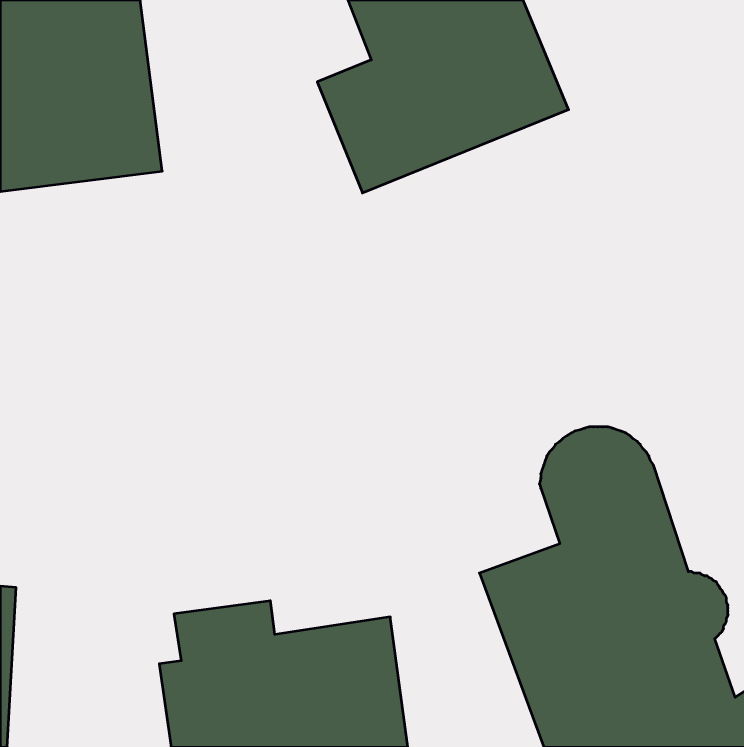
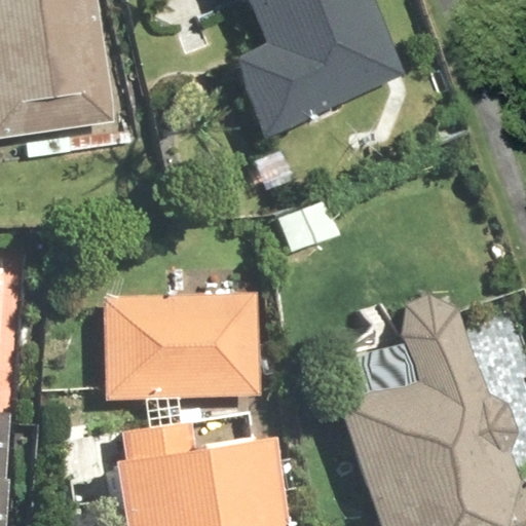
building: none -> [104,292,261,398]

